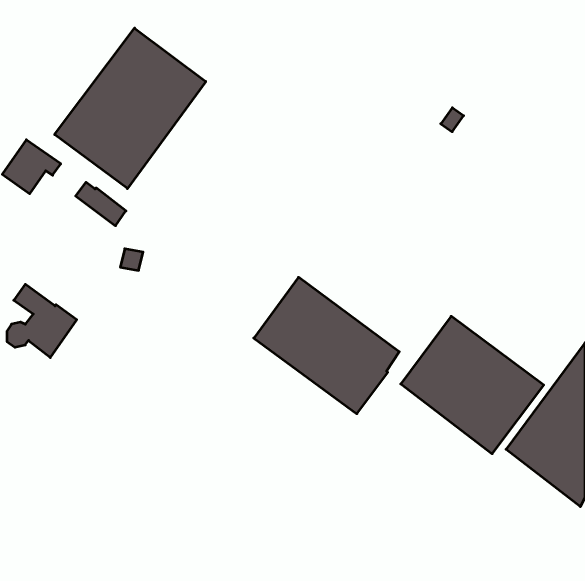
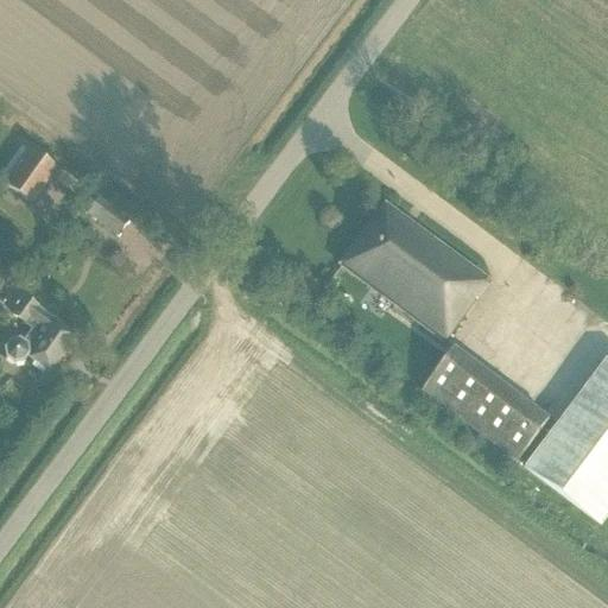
building: [55,28,206,189] -> none
building: [254,277,399,414] -> [340,198,490,340]

